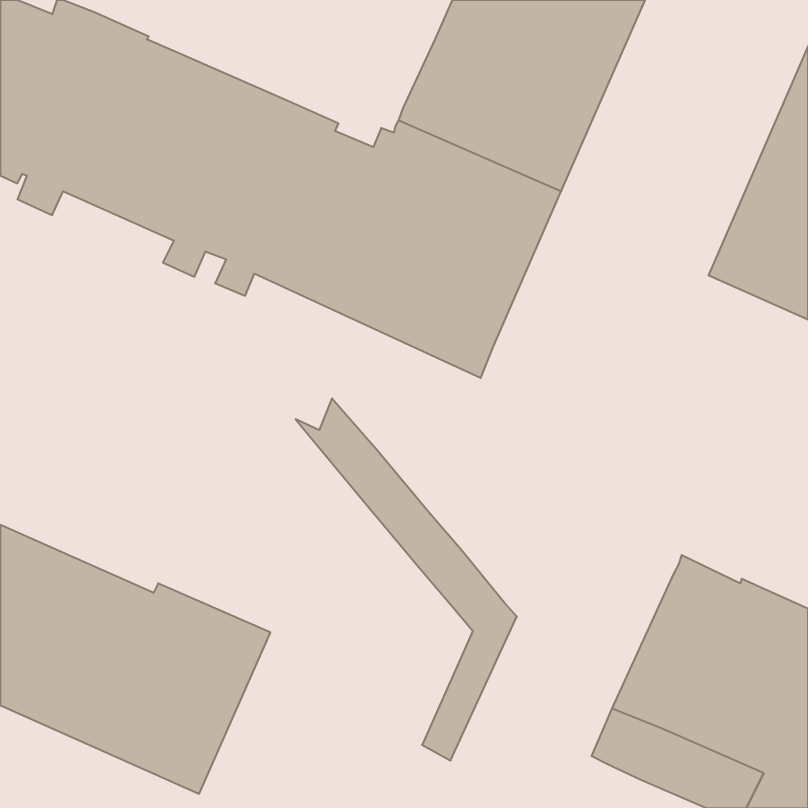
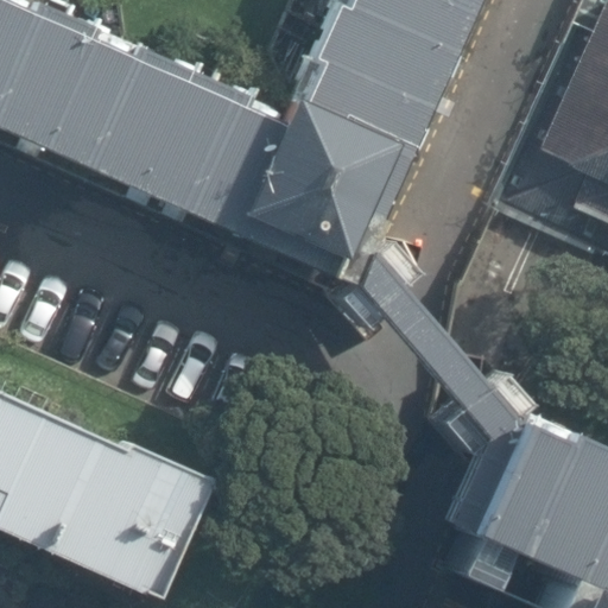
building: [296,398,517,761] -> [343,260,509,532]

